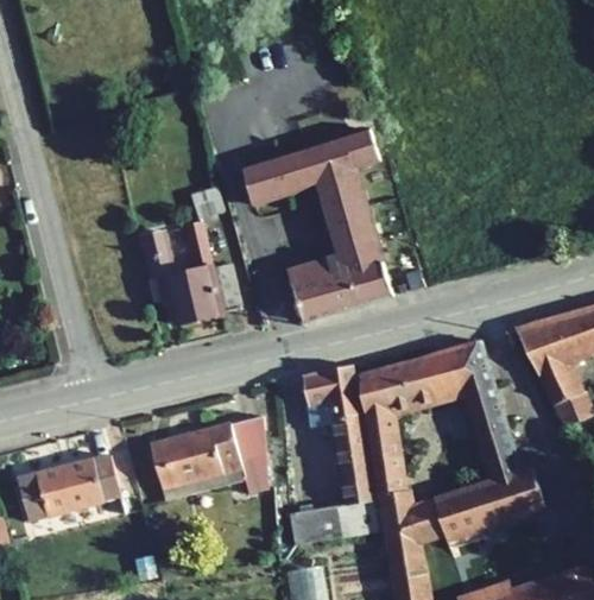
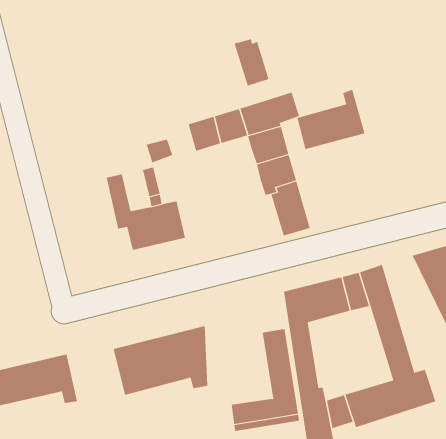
building: none -> [234,38,269,86]
building: none -> [297,89,365,150]
building: [289,255,360,322] -> none
building: [303,365,362,428] -> none

